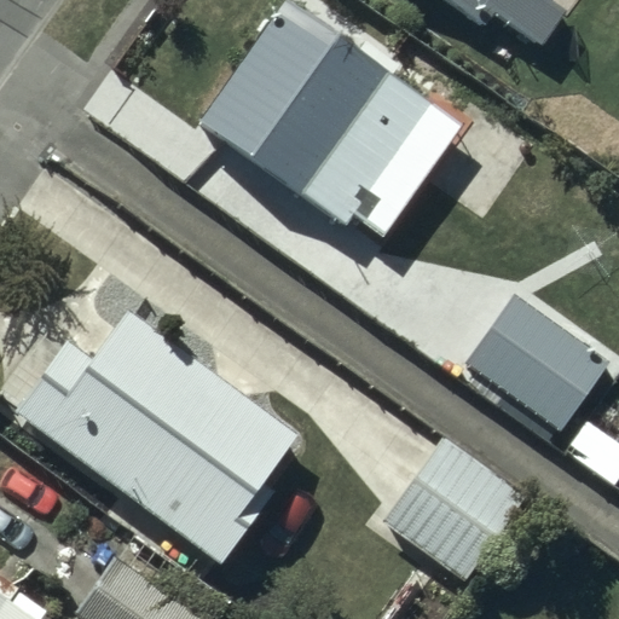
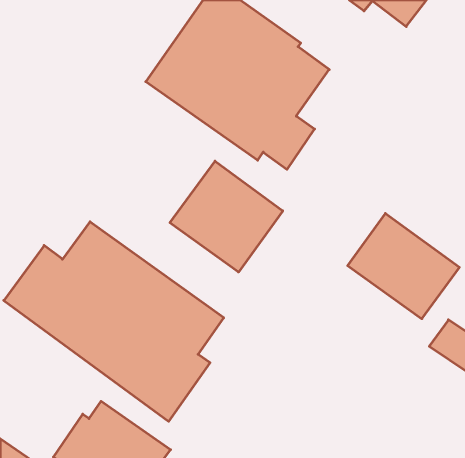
building: none -> [170,161,283,272]
building: [384,436,531,585] -> none

